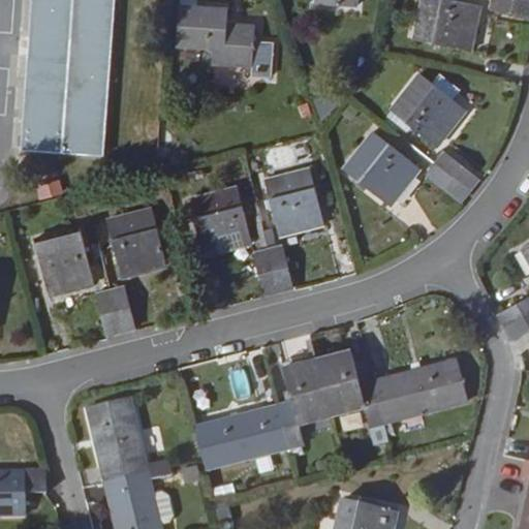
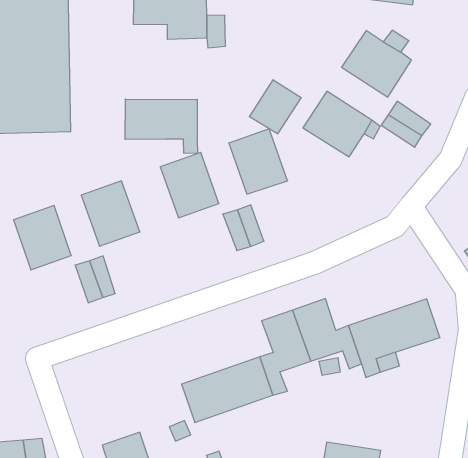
building: none -> [249,80,301,134]
building: none -> [125,99,197,154]
building: [89,397,148,483] -> none

